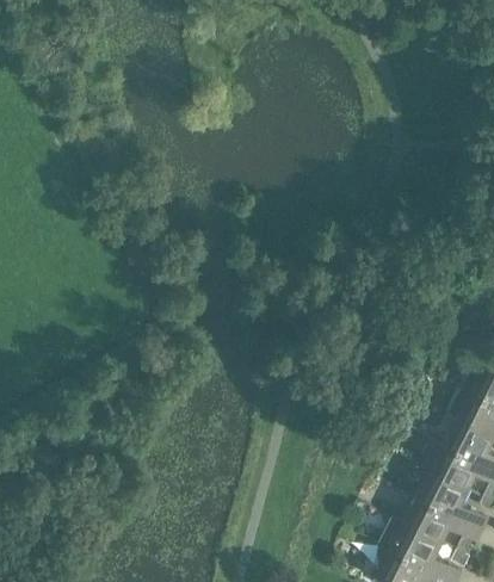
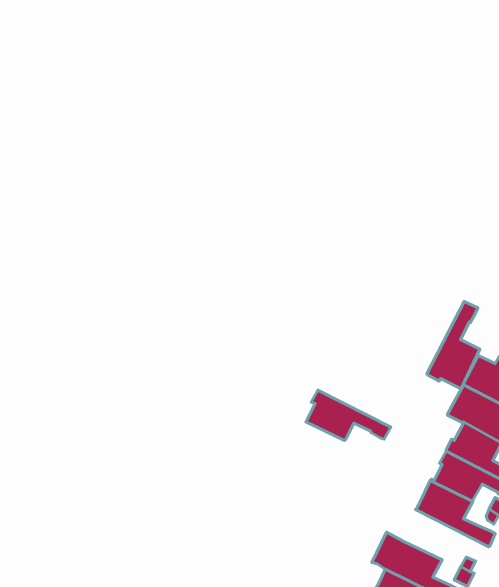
building: none -> [427,301,480,389]
building: [405,501,481,546] -> [306,390,391,441]

